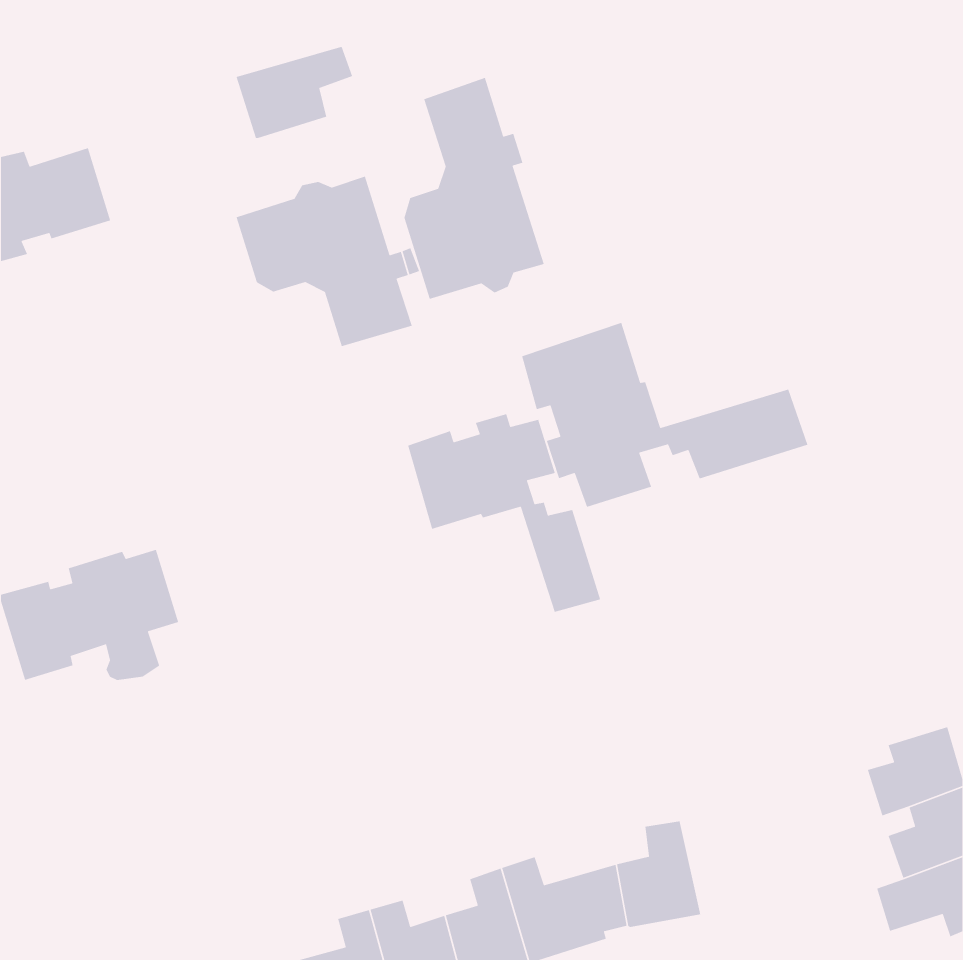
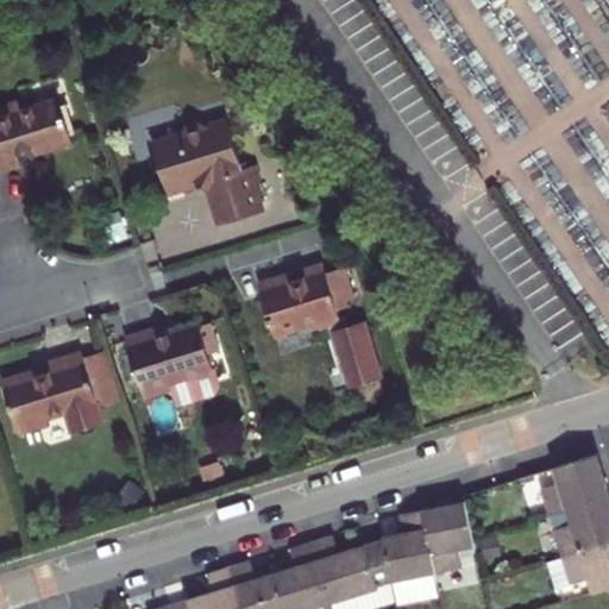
building: [236,46,353,139] -> none
building: [403,77,545,300] -> none
building: [521,322,808,508] -> none
building: none -> [120,326,207,402]
building: none -> [429,513,477,579]

